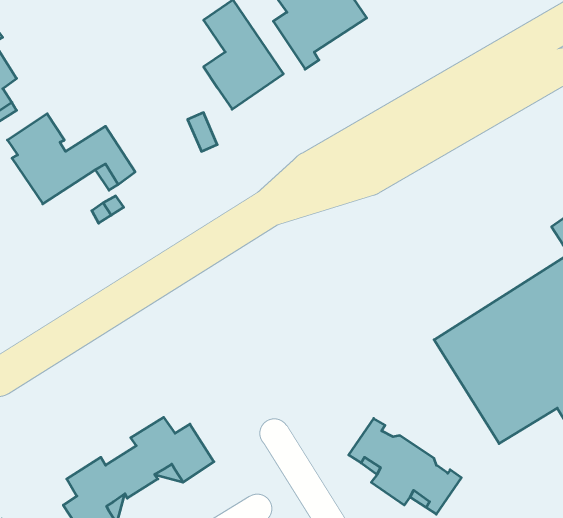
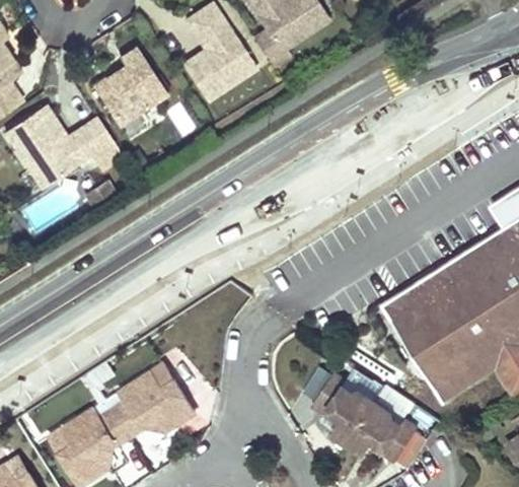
building: none -> [93,43,166,122]

